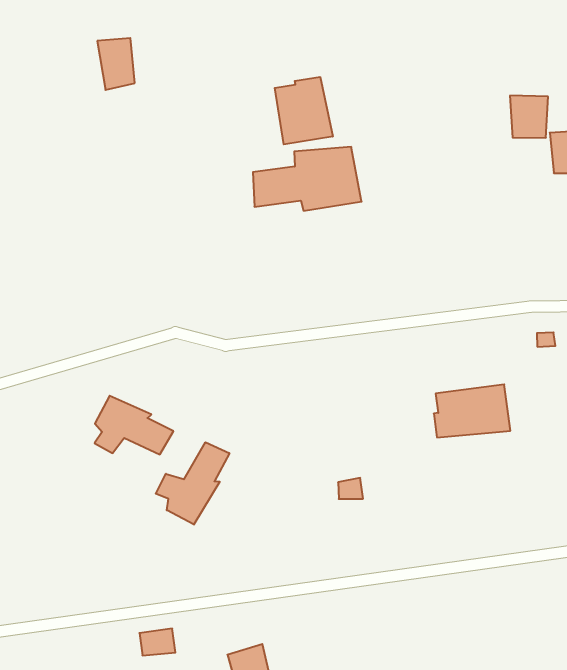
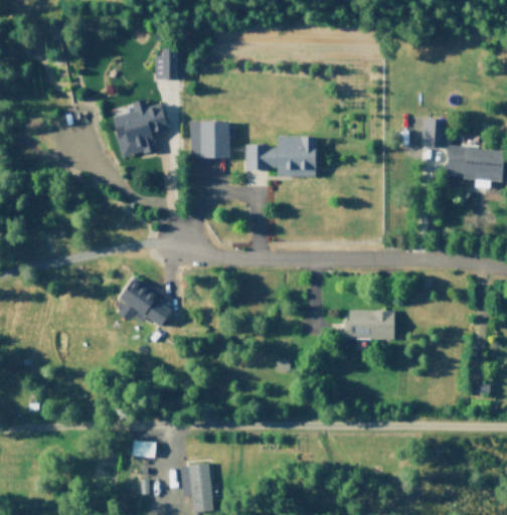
building: [275,77,333,144] -> none
building: none -> [109,99,166,158]
building: none -> [199,121,231,157]
building: [156,442,229,525] -> none

